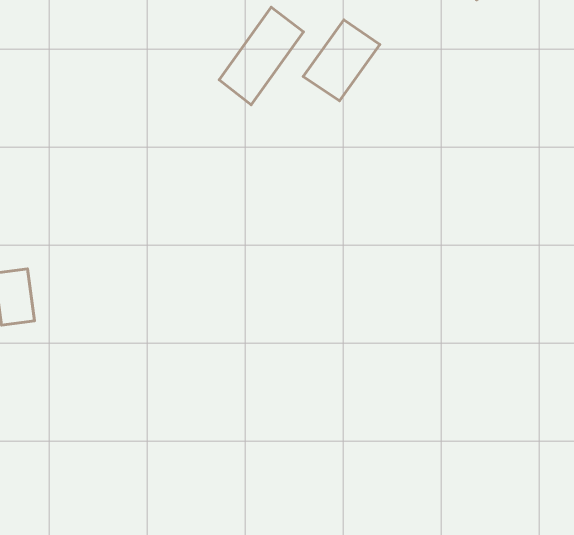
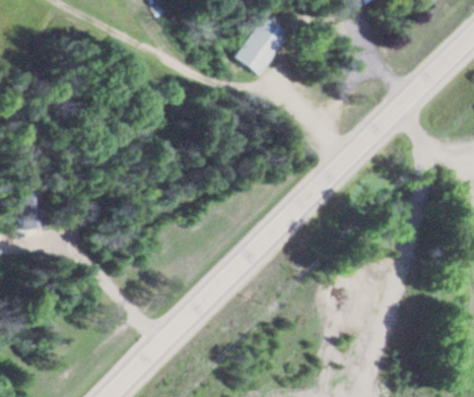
building: [219,7,303,105] -> none

